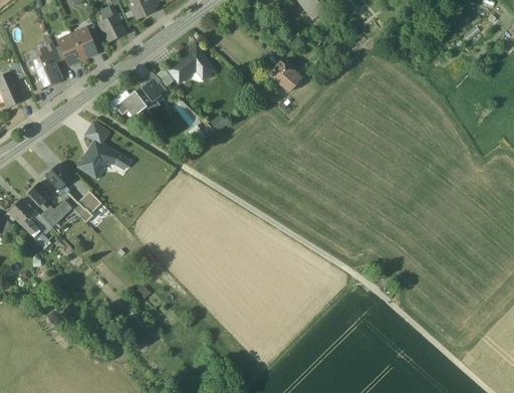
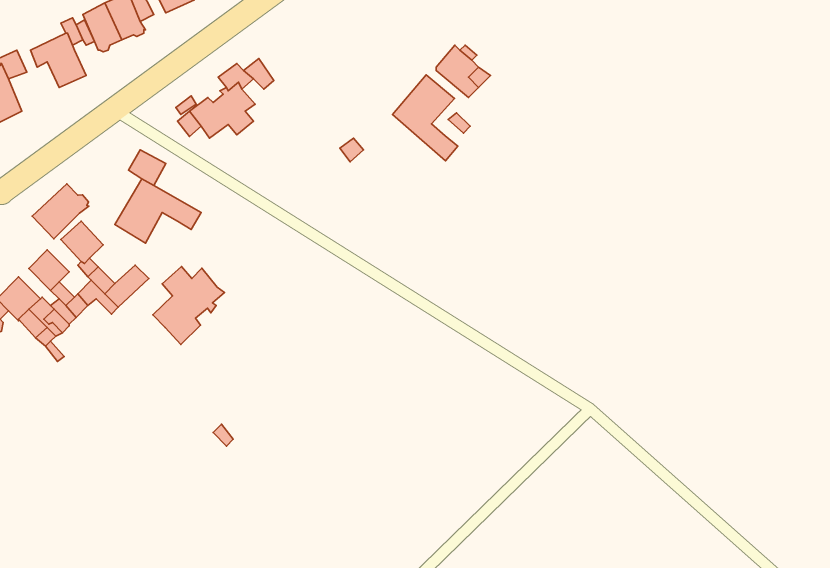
building: [168,46,214,83] -> none
building: none -> [392,75,458,161]
building: none -> [32,184,89,239]
building: none -> [153,267,224,344]

